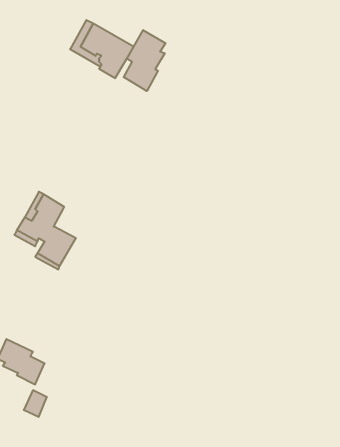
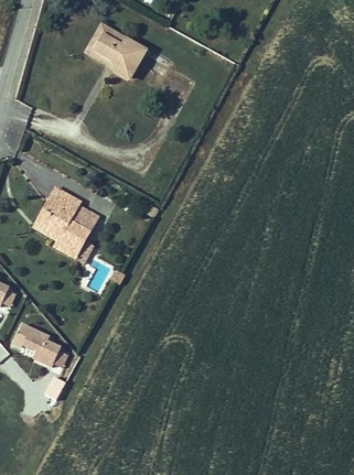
building: [124,30,165,91] -> none
building: none -> [71,202,100,229]

